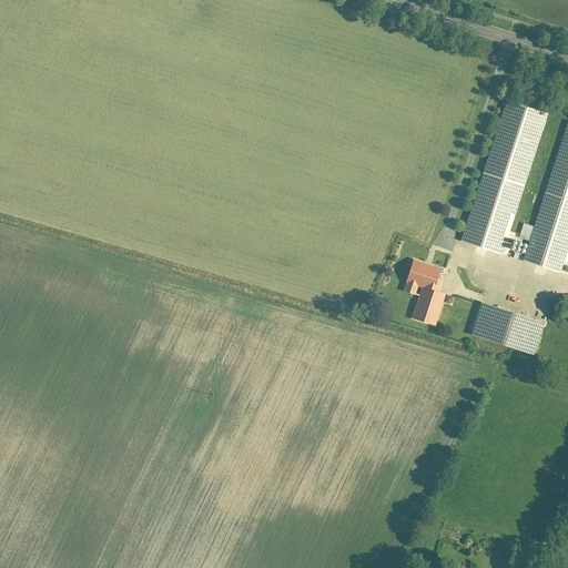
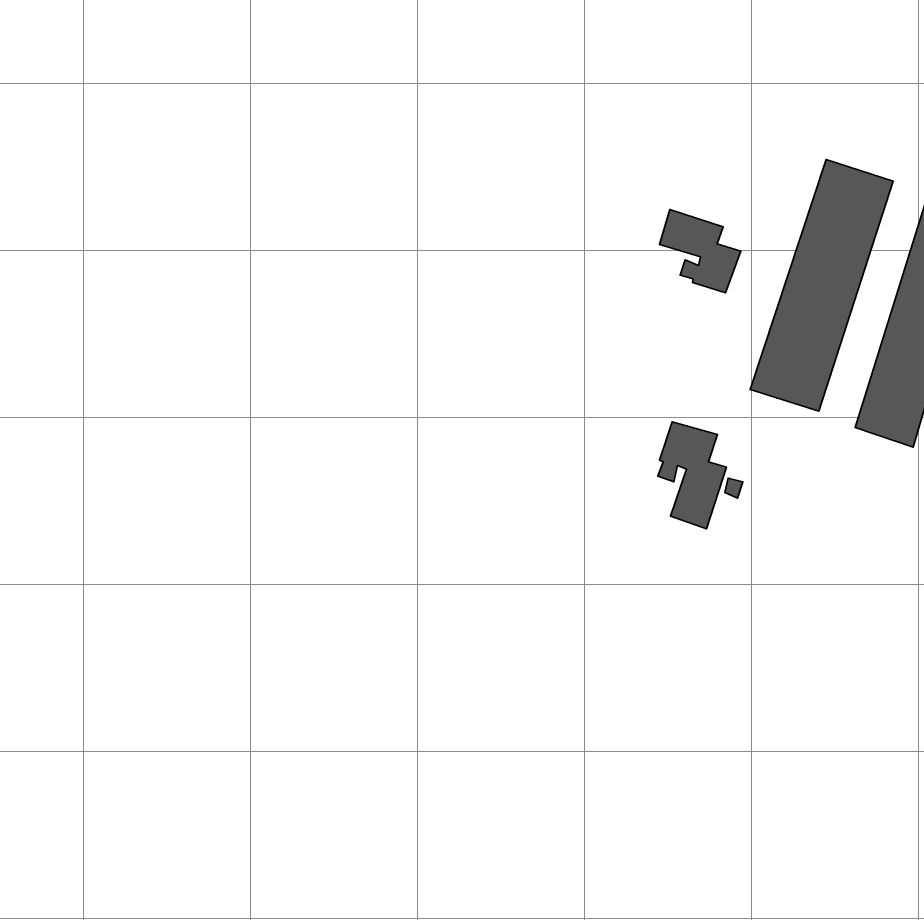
building: none -> [660,210,741,293]
building: [470,302,544,353] -> none

